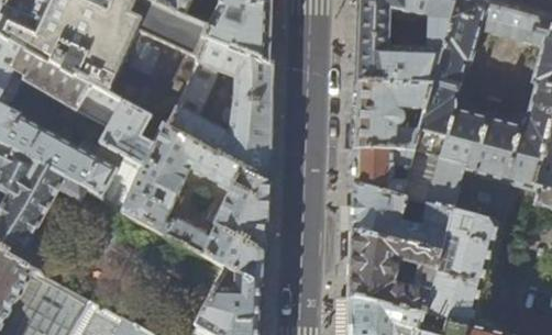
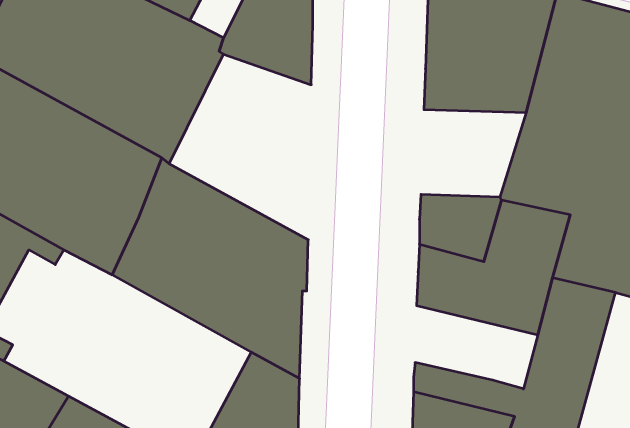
building: [163,45,271,185] -> none
building: [352,87,431,153] -> none
building: [347,234,440,297] -> none

